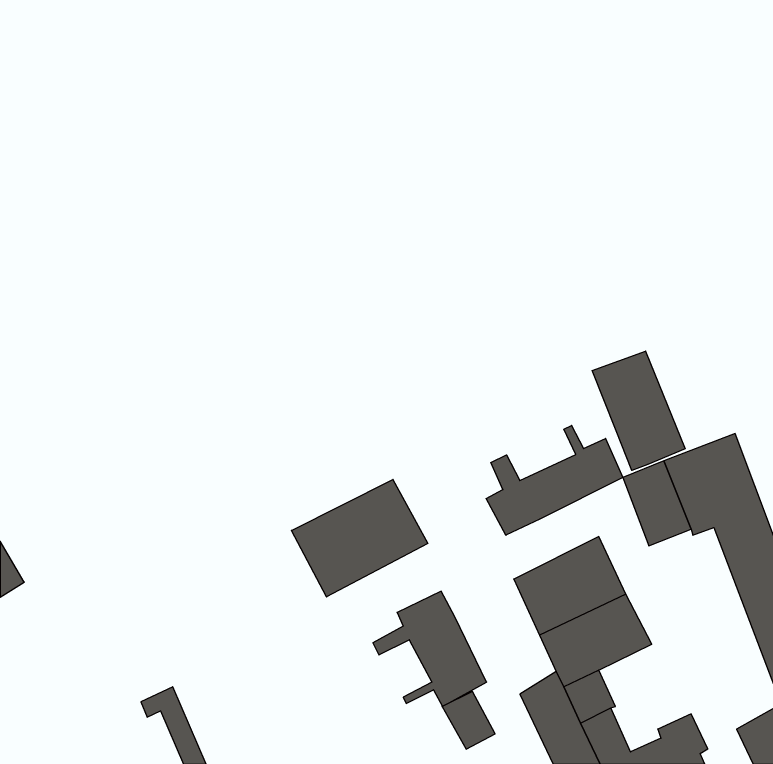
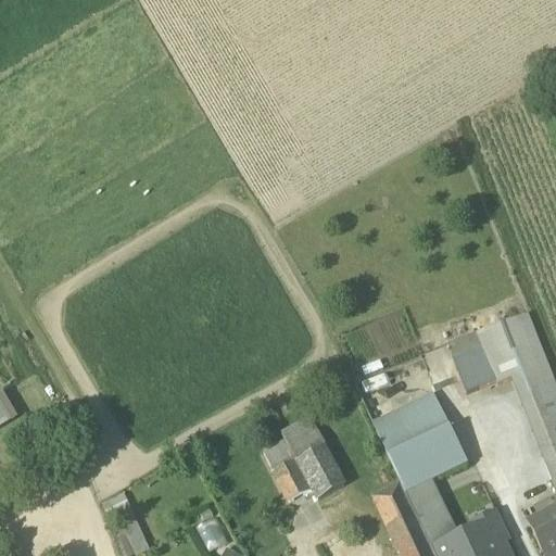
building: [592,351,685,470] -> none
building: [486,425,623,535] -> none
building: [291,479,428,597] -> none
building: [442,692,495,749] -> [273,458,311,500]

